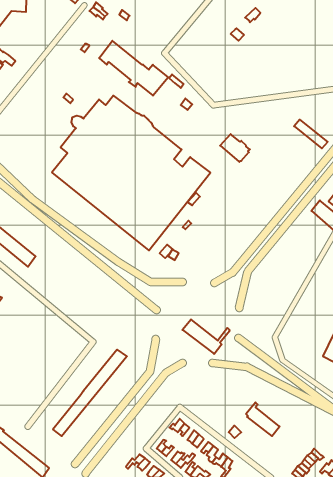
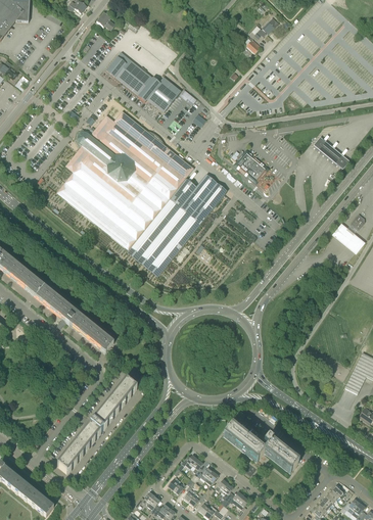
building: none -> [31,281,113,352]
building: [182,319,230,354] -> [223,424,273,461]

